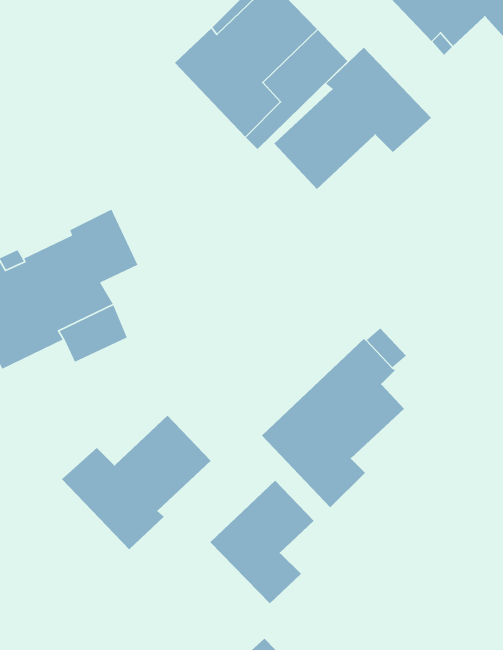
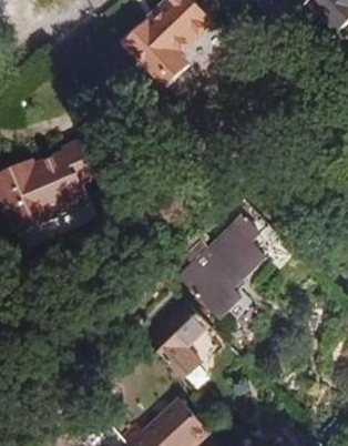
building: [274,47,432,190] -> none
building: [61,415,211,550] -> none

